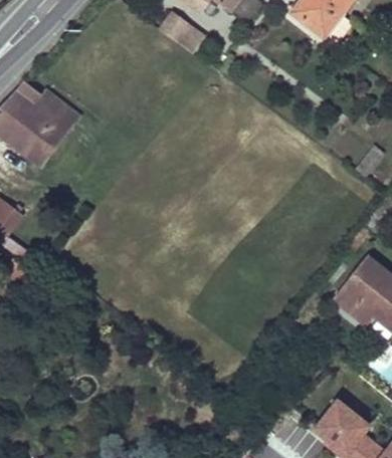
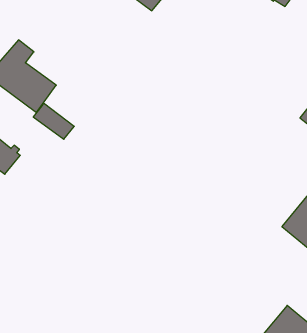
building: [32,90,80,133] -> [33,103,74,139]

